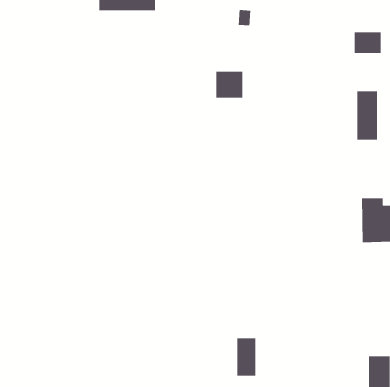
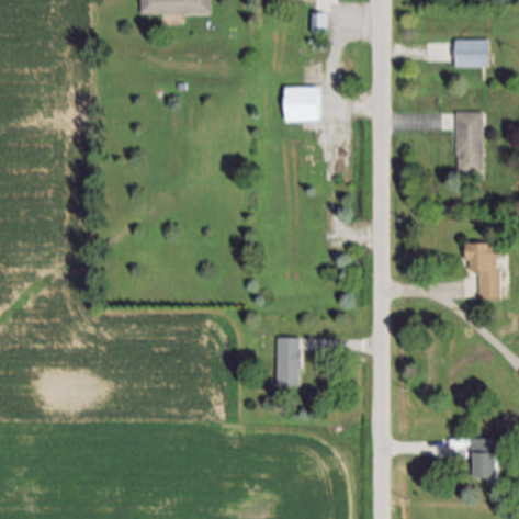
building: [237,337,256,377] -> [275,338,300,386]

